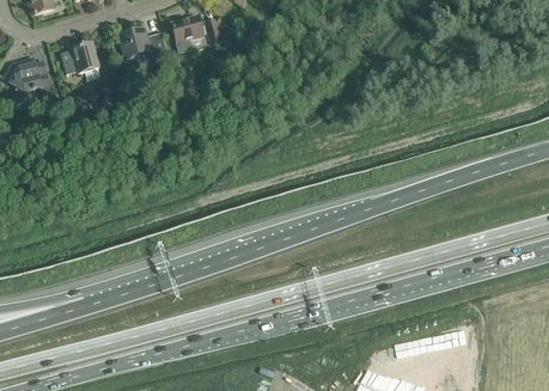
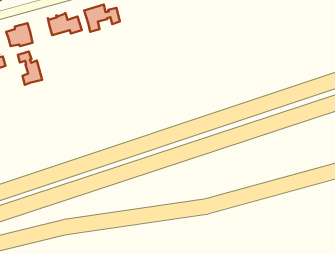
building: none -> [18,51,42,85]

